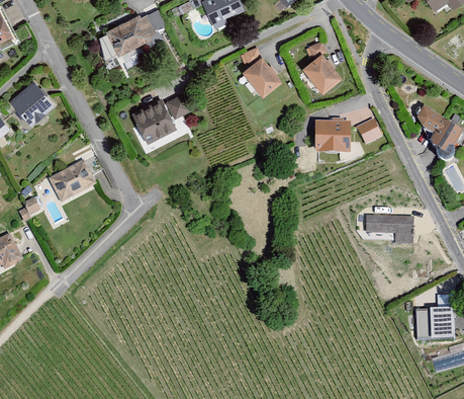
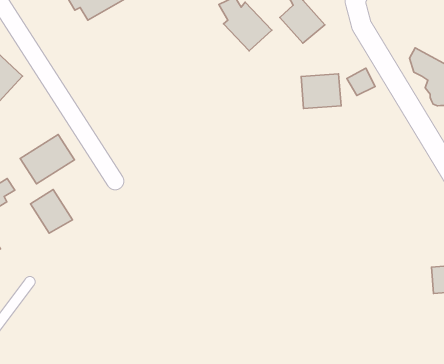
building: [130,94,192,145] -> none
building: none -> [31,189,72,233]
building: [363,216,409,242] -> none

